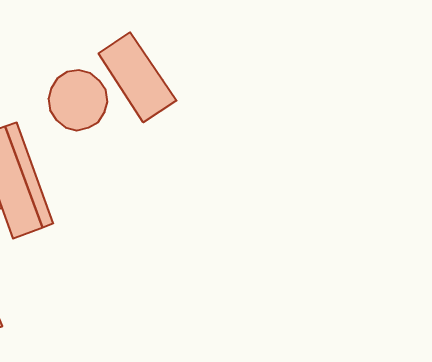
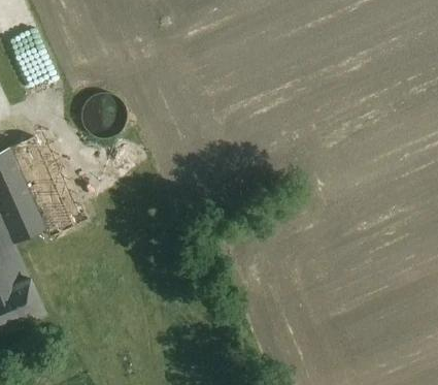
building: [99,32,177,122] -> none

